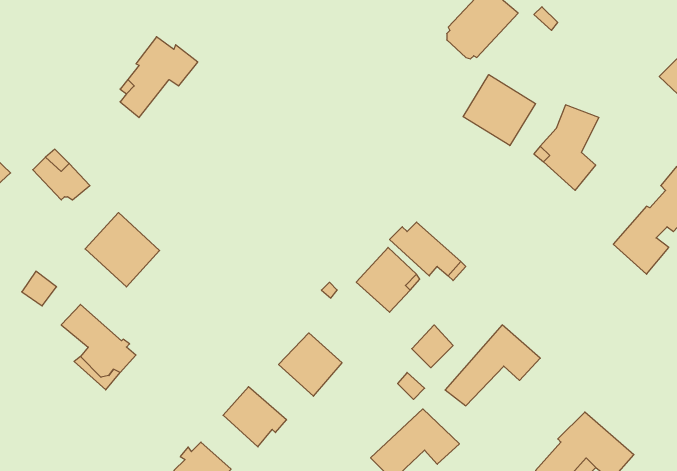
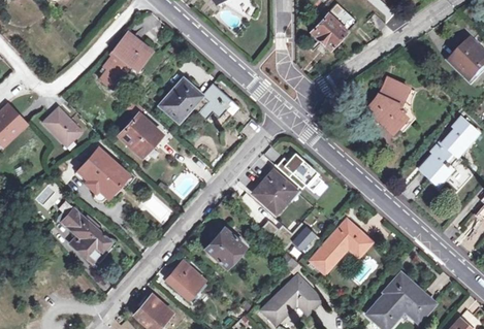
building: [463,75,536,146] -> none
building: none -> [160,77,239,122]
building: none -> [119,114,162,155]

